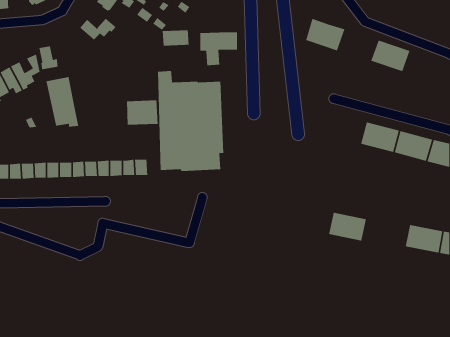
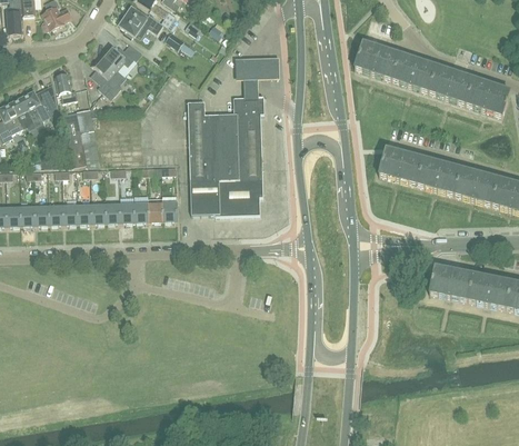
building: none -> [92,52,124,97]
building: none -> [391,53,437,90]
building: [162,30,190,46] -> [233,95,265,113]
building: none -> [465,78,510,115]
building: [126,100,159,125] -> none
building: none -> [379,148,423,184]
building: [328,212,367,242] -> [429,266,472,299]

